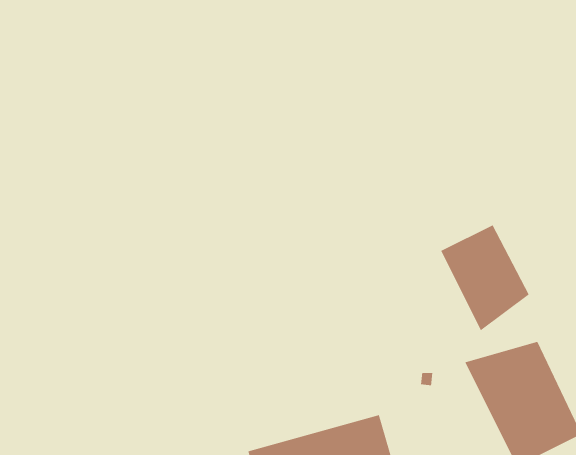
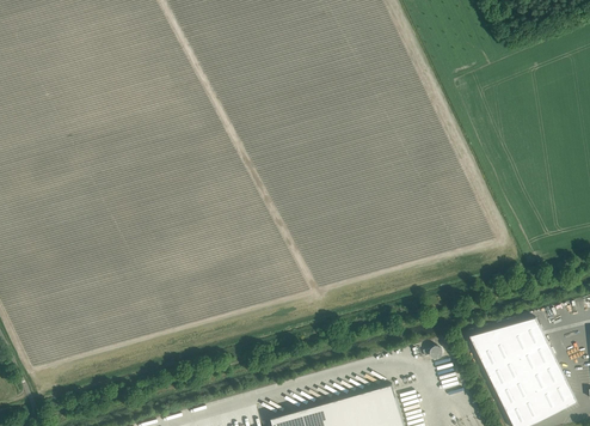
building: [441,225,530,331] -> none

